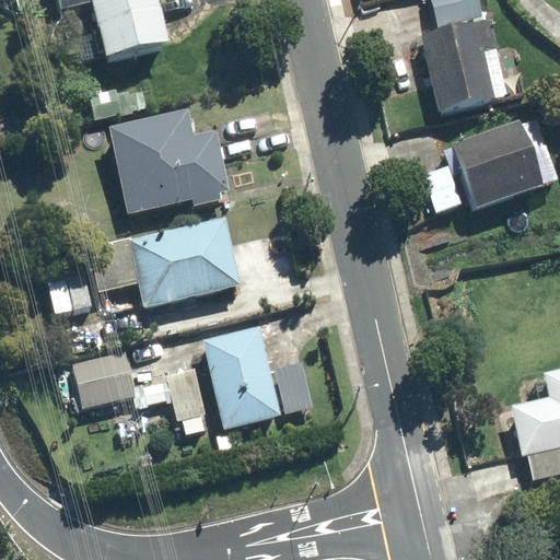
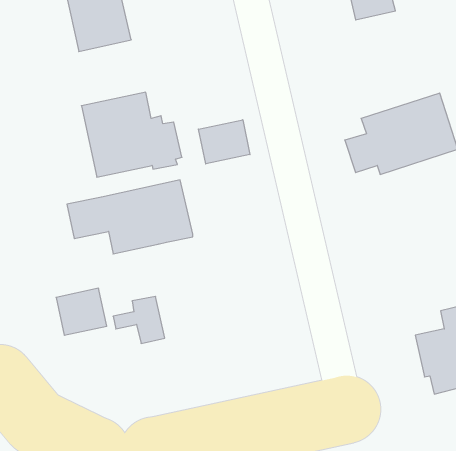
building: [421,19,530,113] -> none
building: none -> [198,120,250,164]
building: [202,326,280,429] -> none

